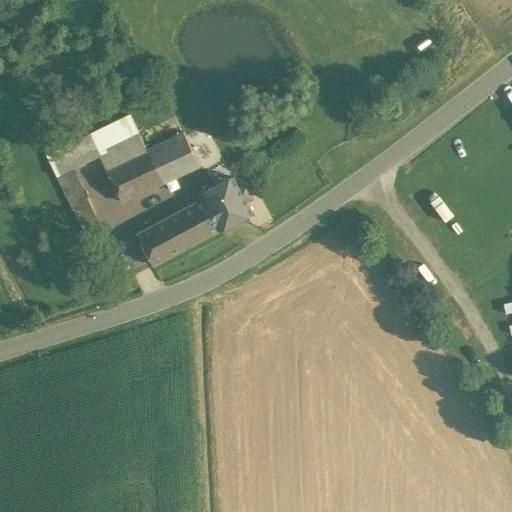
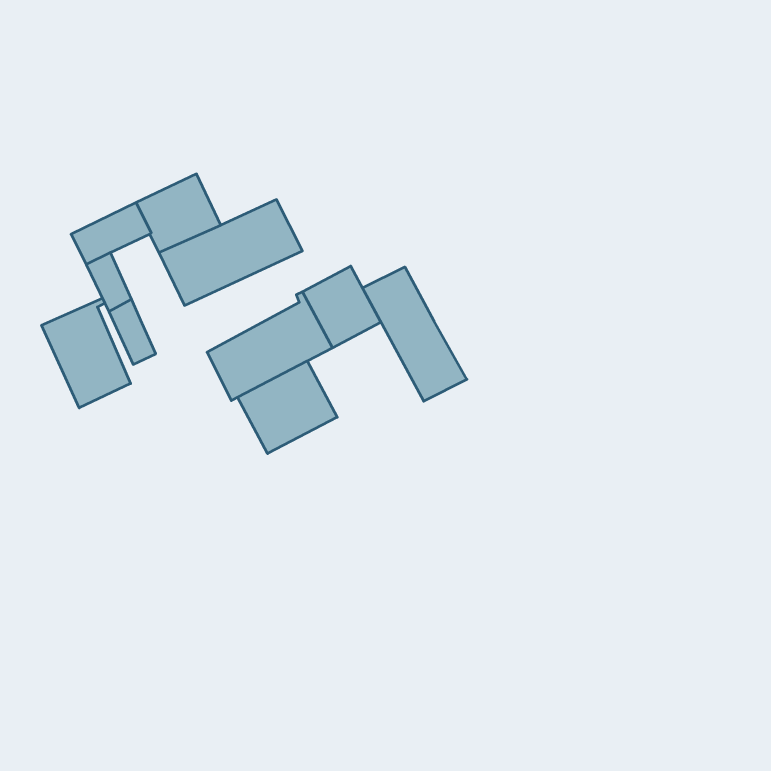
building: none -> [362,267,467,401]
building: none -> [42,298,131,408]
building: none -> [238,361,337,454]

